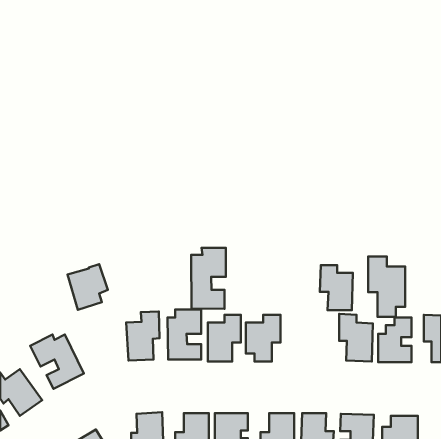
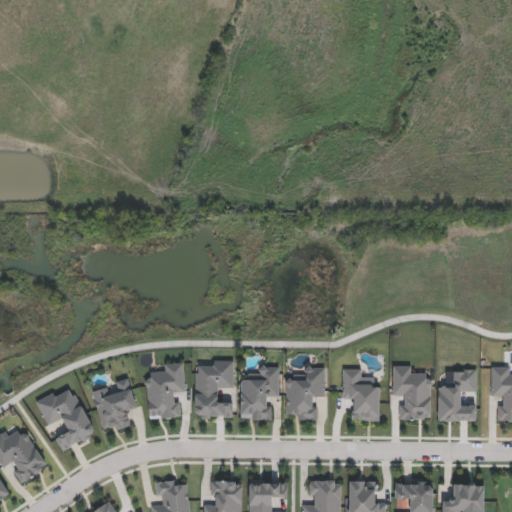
building: [191,248,226,309] -> none
building: [368,256,405,317] -> none
building: [67,264,108,310] -> [92,381,139,434]
building: [320,265,353,310] -> [342,370,380,422]

